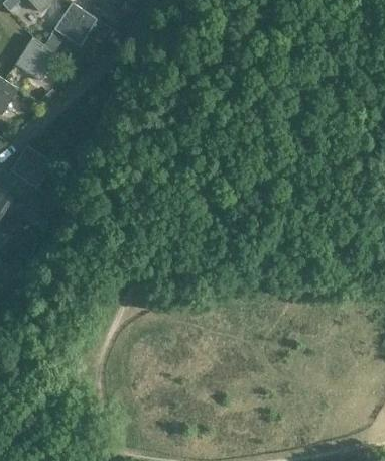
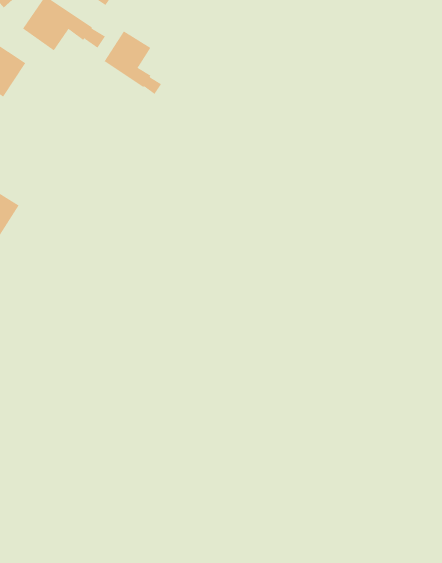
building: none -> [104,31,162,95]

